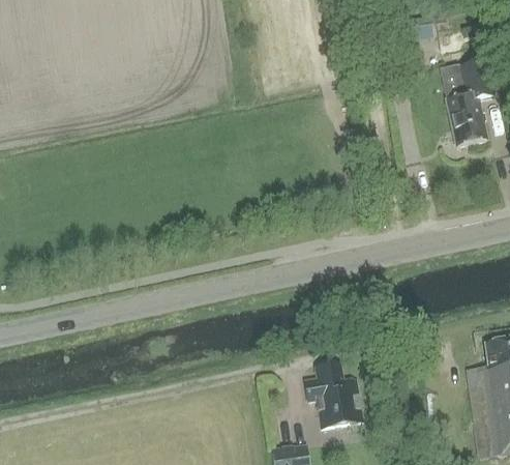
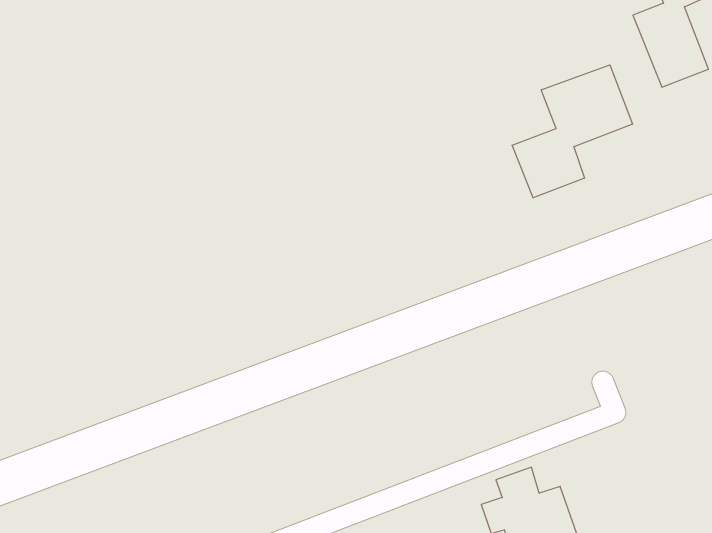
building: none -> [512,65,633,198]

